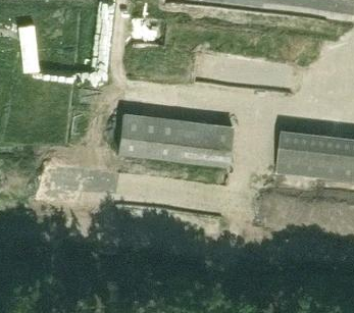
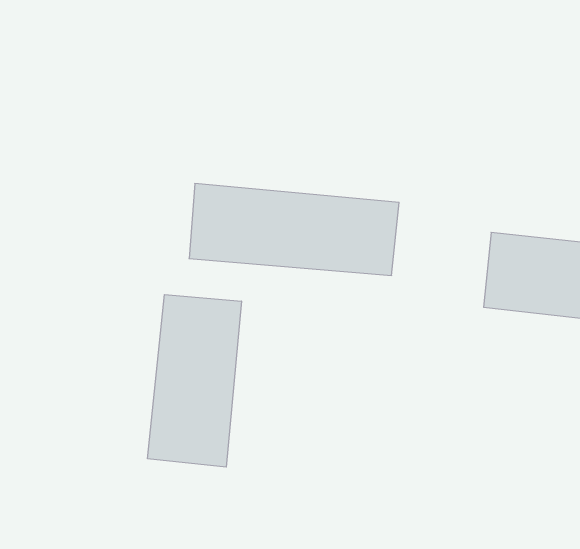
building: none -> [148,295,241,467]

